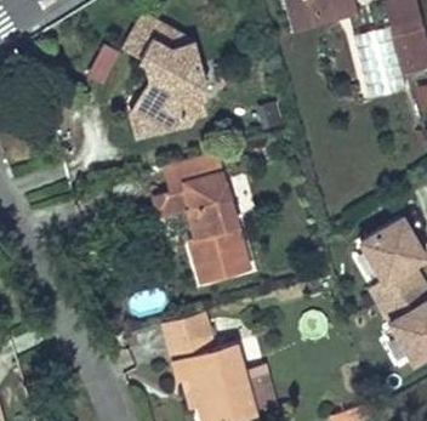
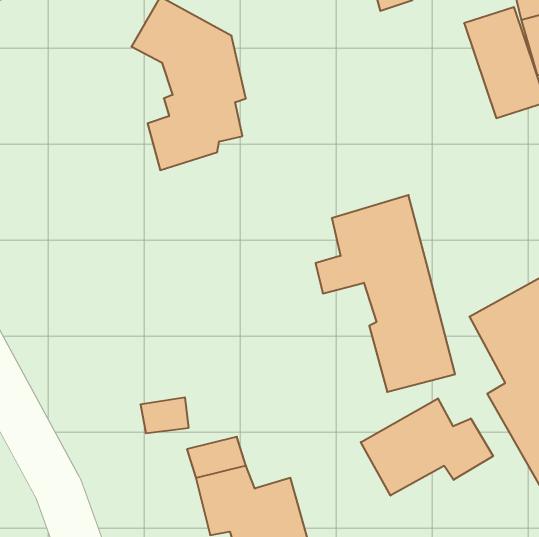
building: [154,152,249,285] -> [316,195,455,392]
building: none -> [361,398,493,496]

